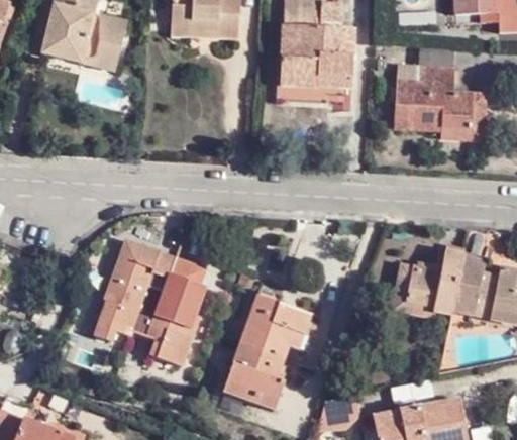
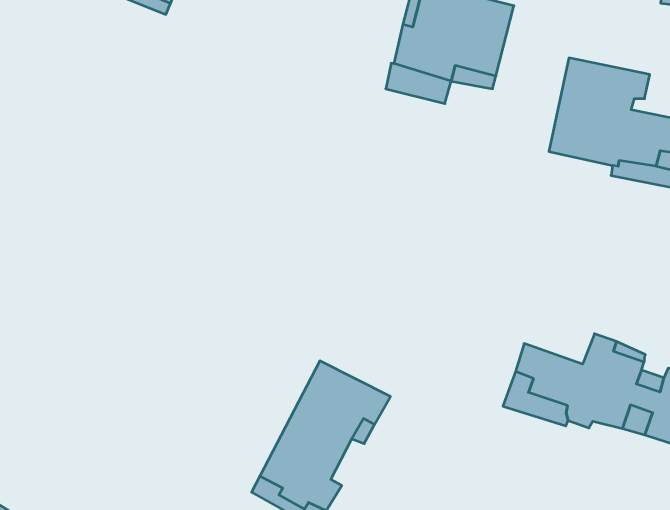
building: [94,240,207,365] -> none

